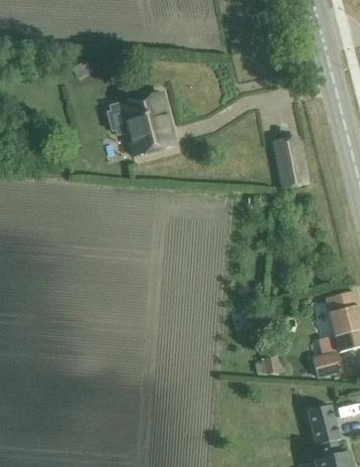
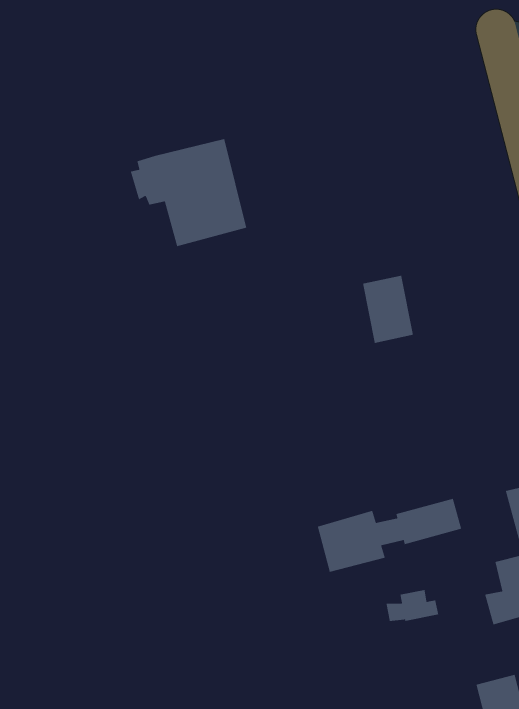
building: [277,148,307,188] -> [362,275,414,344]
building: none -> [317,498,462,573]

